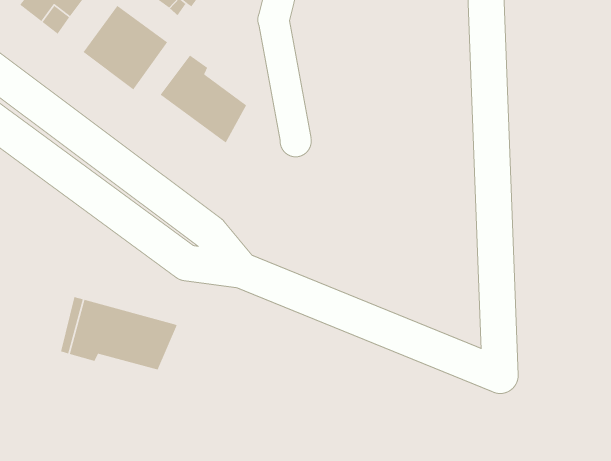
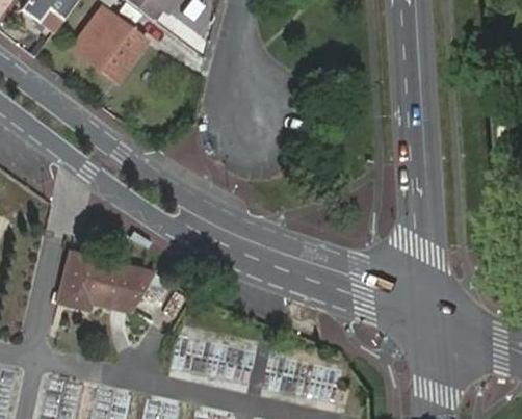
building: [160,54,247,143] -> none

